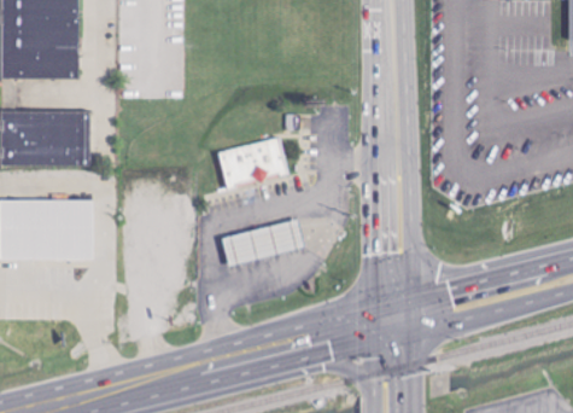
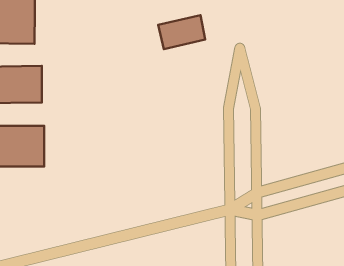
building: [217,136,287,187] -> [158,15,205,49]
building: [222,220,305,263] -> none

